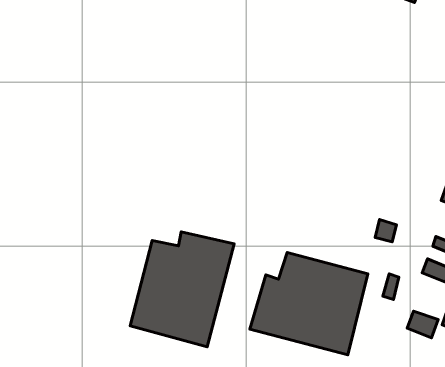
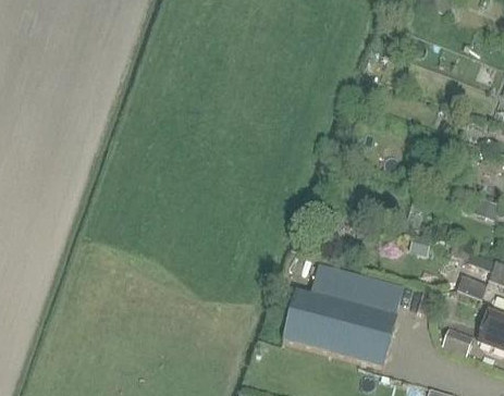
building: [130,232,234,347] -> none

